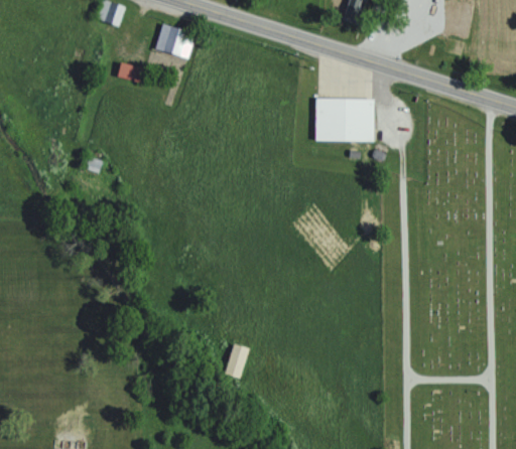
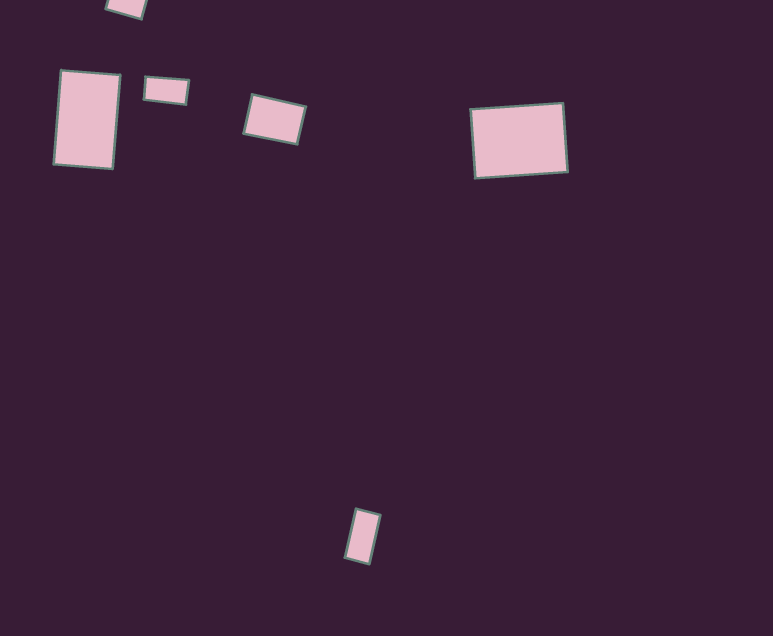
building: [154,24,195,57] -> [243,94,306,144]
building: none -> [54,70,120,169]

